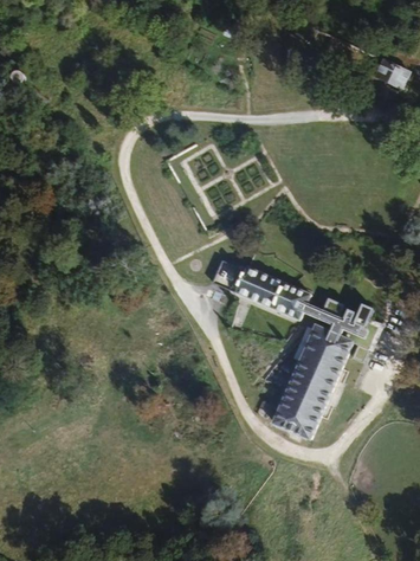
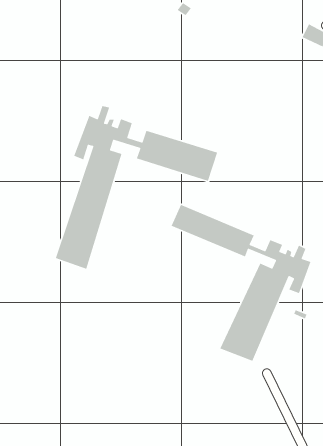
building: none -> [55,105,218,270]

